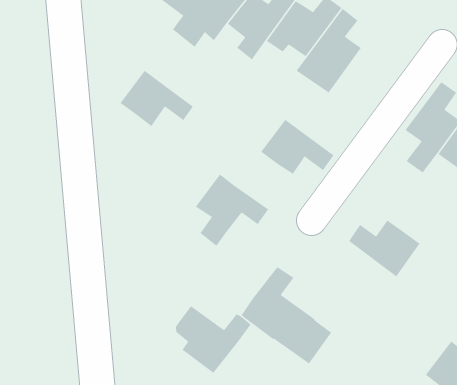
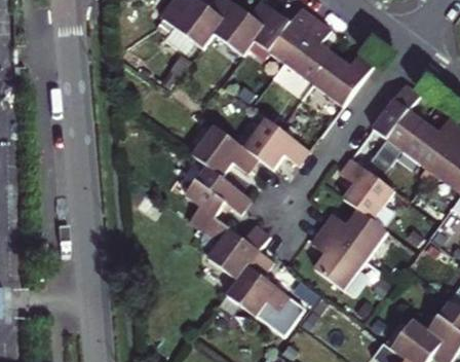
building: none -> [312,49,375,106]
building: [119,70,194,127] -> [191,125,258,177]
building: none -> [339,157,393,219]
building: none -> [310,227,365,289]
building: [175,305,251,374] -> [200,217,269,279]

